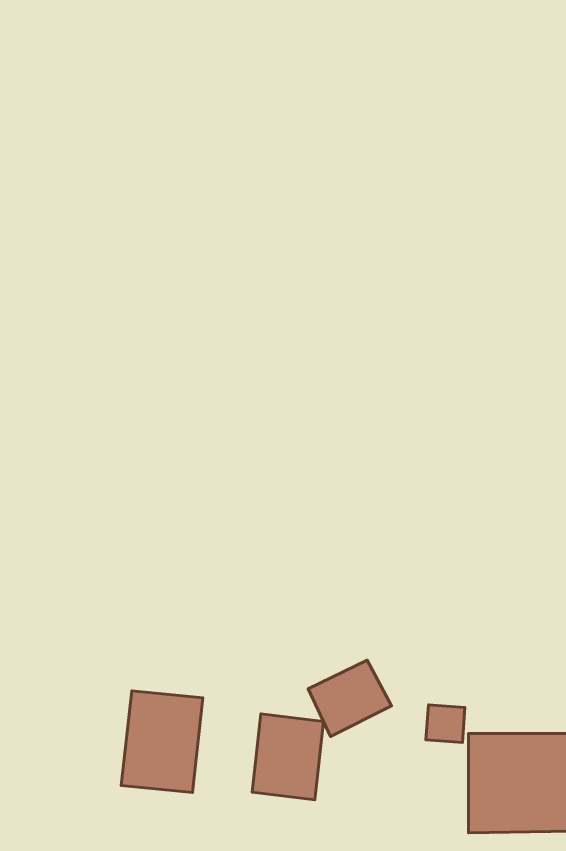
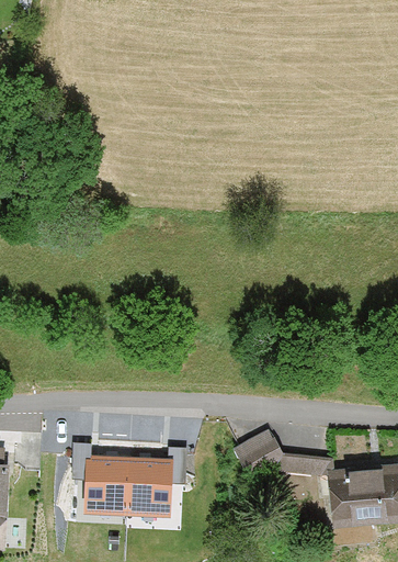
building: none -> [80,456,126,515]
building: [252,714,323,800] -> none

